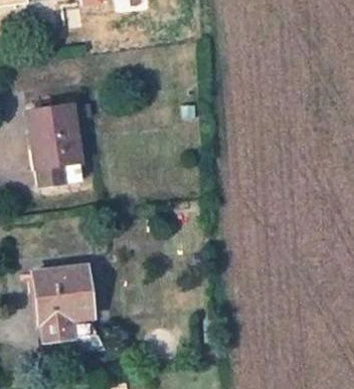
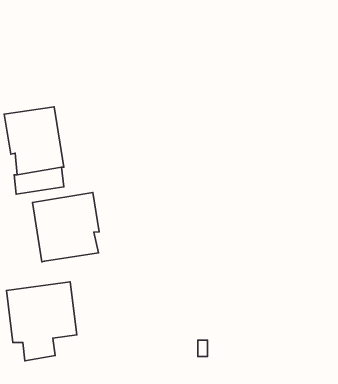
building: none -> [32,193,99,262]

